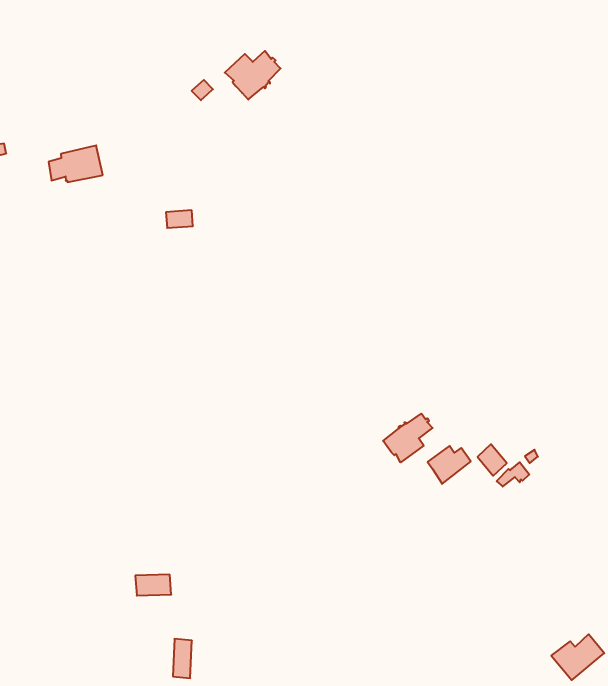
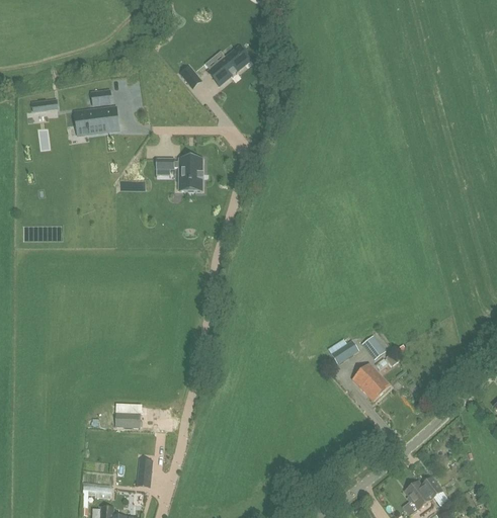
building: none -> [178,157,201,190]
building: [383,414,433,462] -> none
building: none -> [351,362,389,401]

